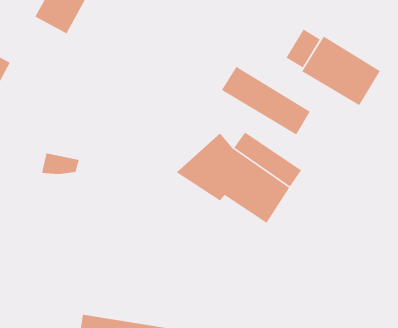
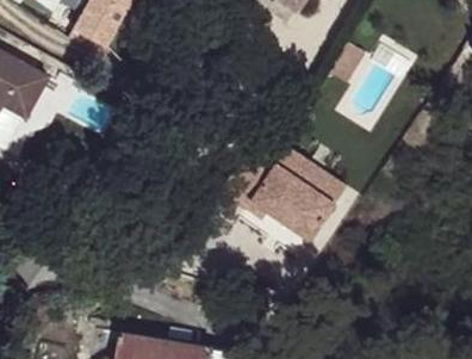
building: [301,35,381,106] -> none
building: [221,66,311,135] -> none

